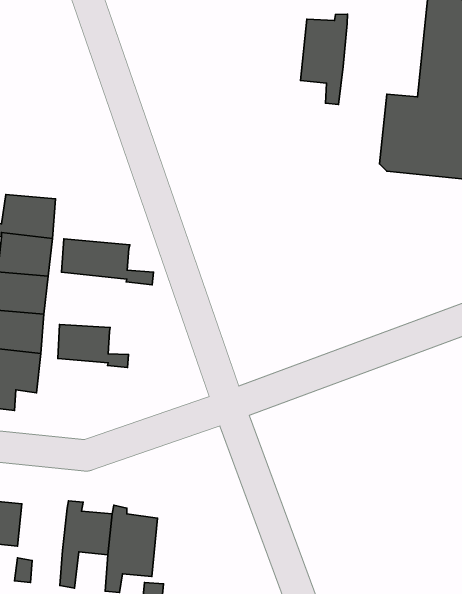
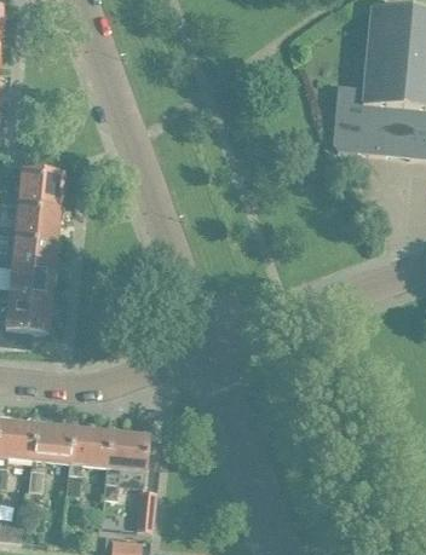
building: [301,14,348,105] -> none
building: [61,239,154,285] -> none
building: [58,324,129,368] -> none
building: none -> [31,418,73,463]

